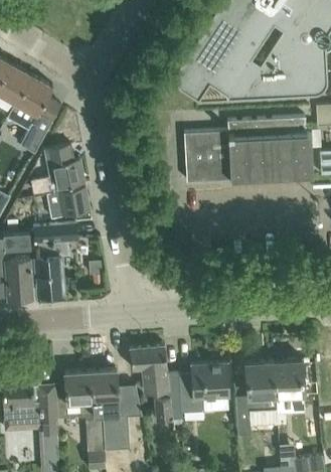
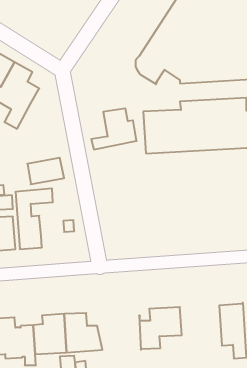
building: [31,147,85,195] -> [91,108,137,149]
building: [130,347,182,423] -> none
building: [245,363,277,429] -> none

